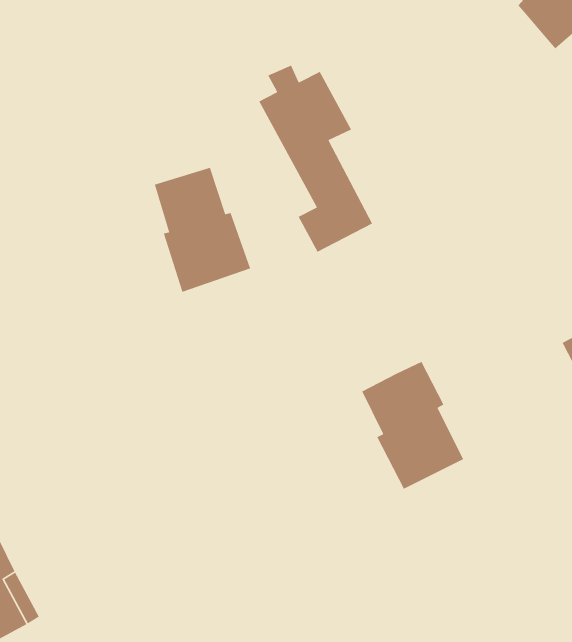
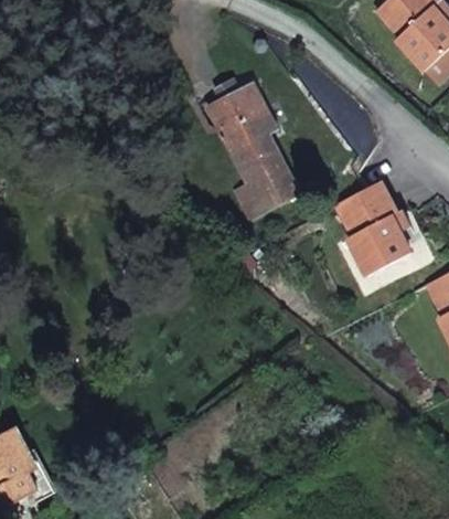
building: [154,167,251,293] -> none
building: [361,361,464,490] -> [336,182,411,276]

